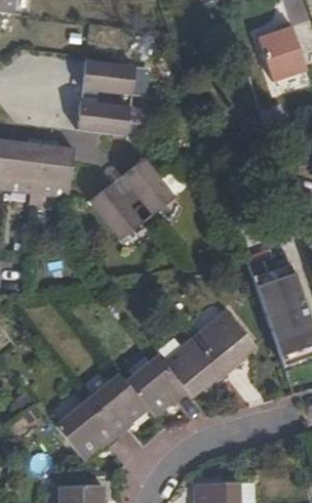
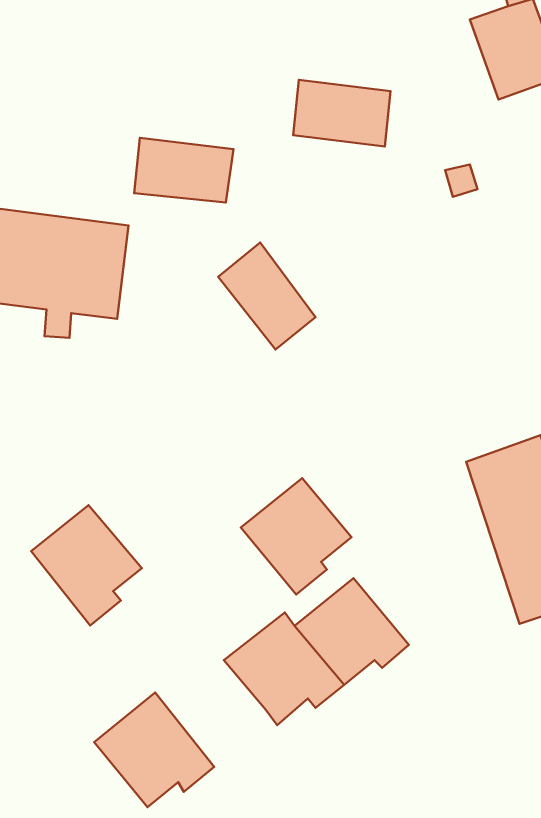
building: [82,60,134,96] -> [293,80,390,147]
building: [88,183,142,241] -> none
building: [194,311,254,374] -> [241,478,352,594]
building: [87,375,147,439] -> [31,505,142,625]

